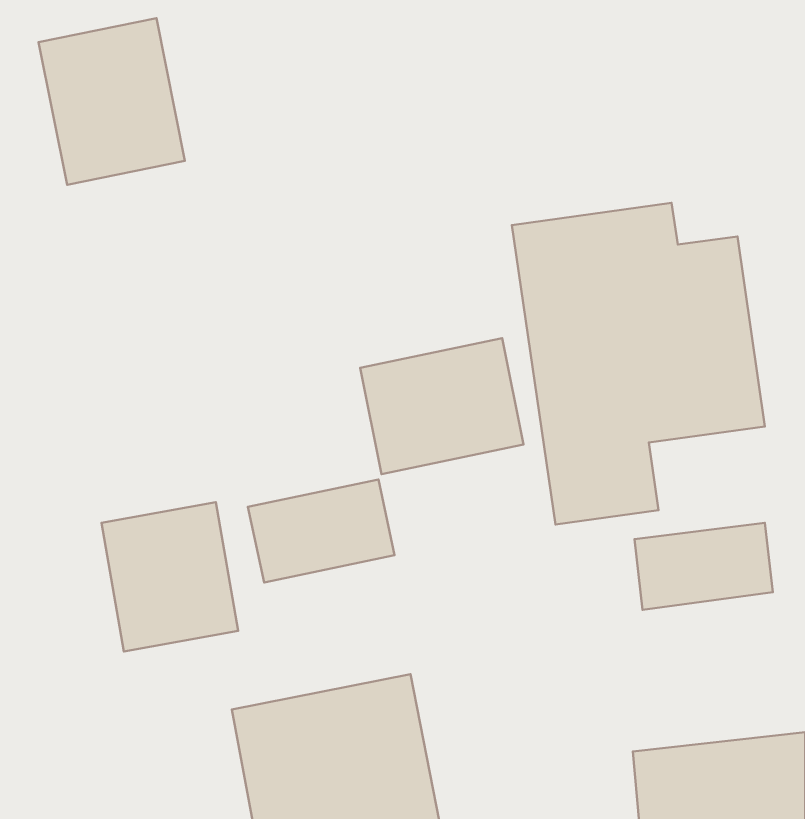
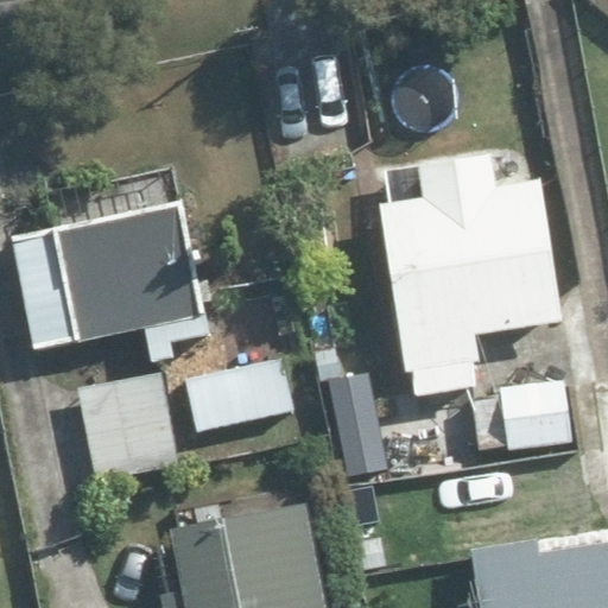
building: [39,18,185,185] -> none
building: none -> [14,202,213,361]
building: [360,338,523,474] -> none

